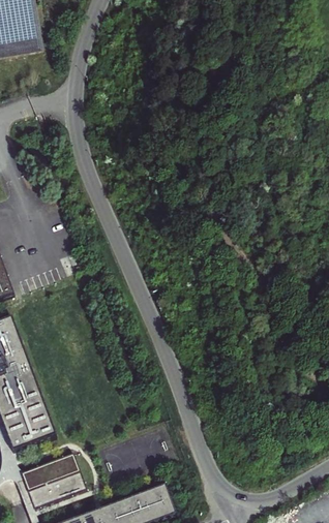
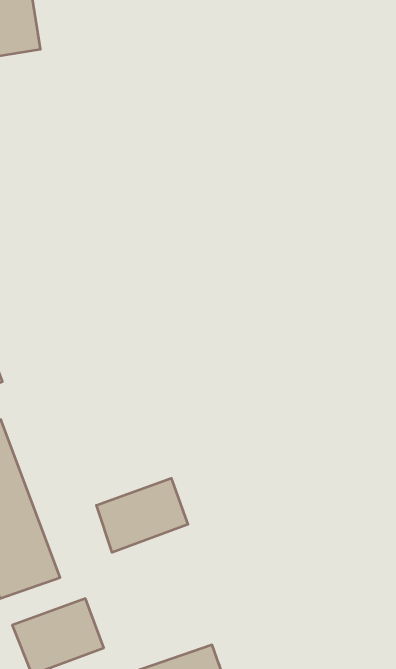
building: none -> [96,478,188,552]

